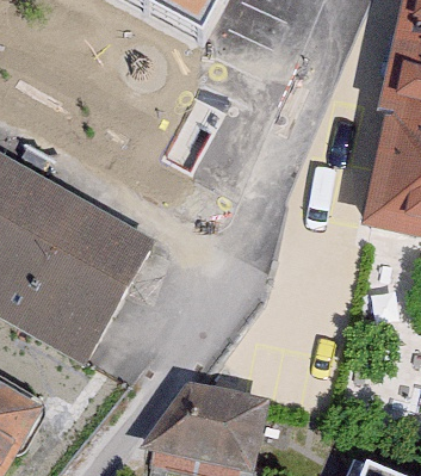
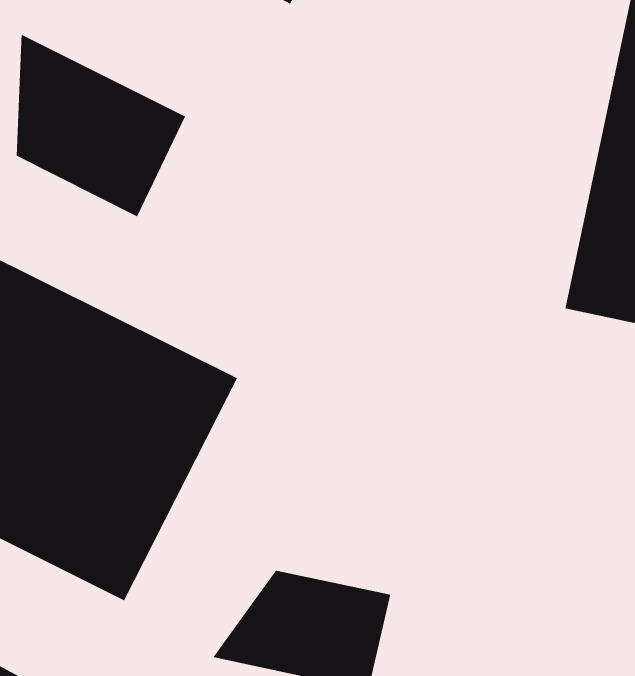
building: none -> [16,34,186,218]

